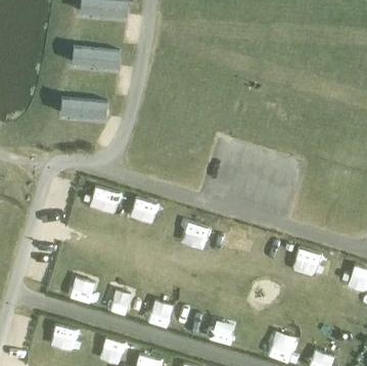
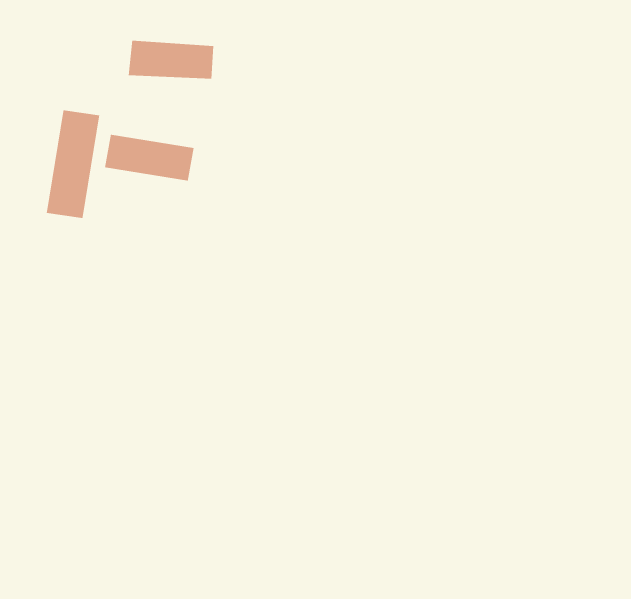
building: none -> [46,109,100,219]

